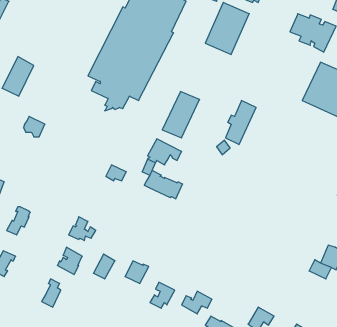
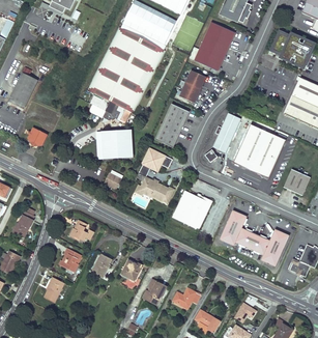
building: none -> [179,69,205,103]
building: none -> [232,123,285,177]
building: none -> [100,131,133,160]
building: none -> [283,168,310,195]
building: none -> [171,190,211,229]
building: none -> [220,209,288,264]

